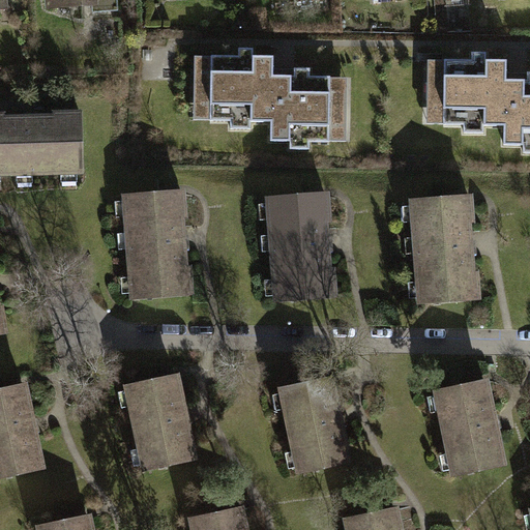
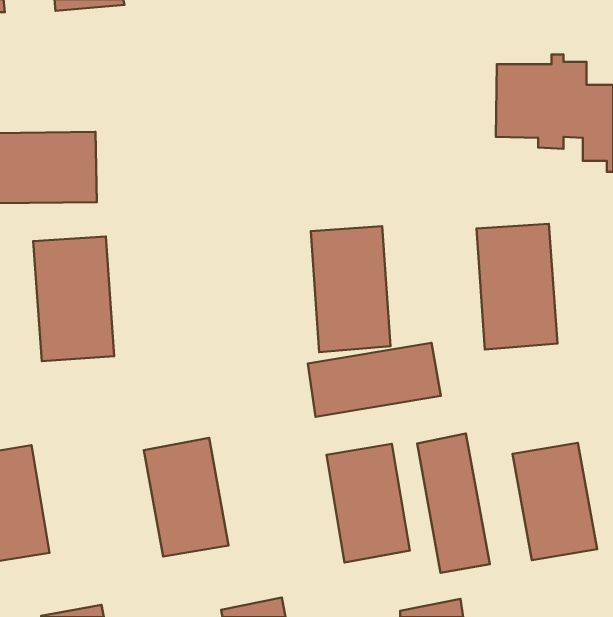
building: [190,42,343,143] -> none
building: [121,196,190,302] -> [33,236,114,361]
building: none -> [308,343,441,417]
building: none -> [417,434,490,573]

